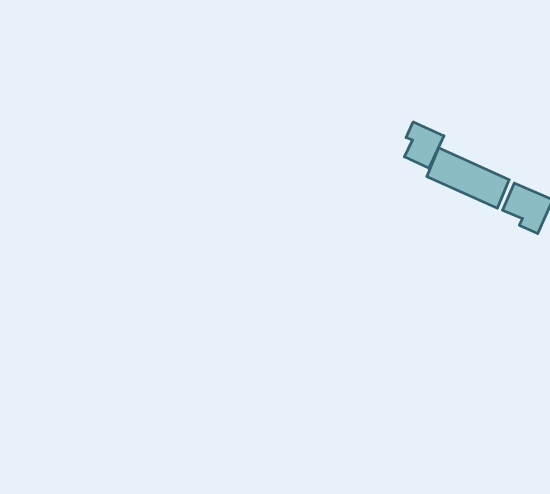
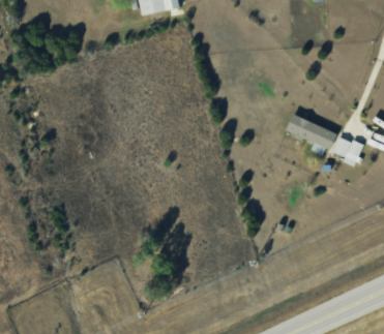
building: [404,122,444,168] -> none

